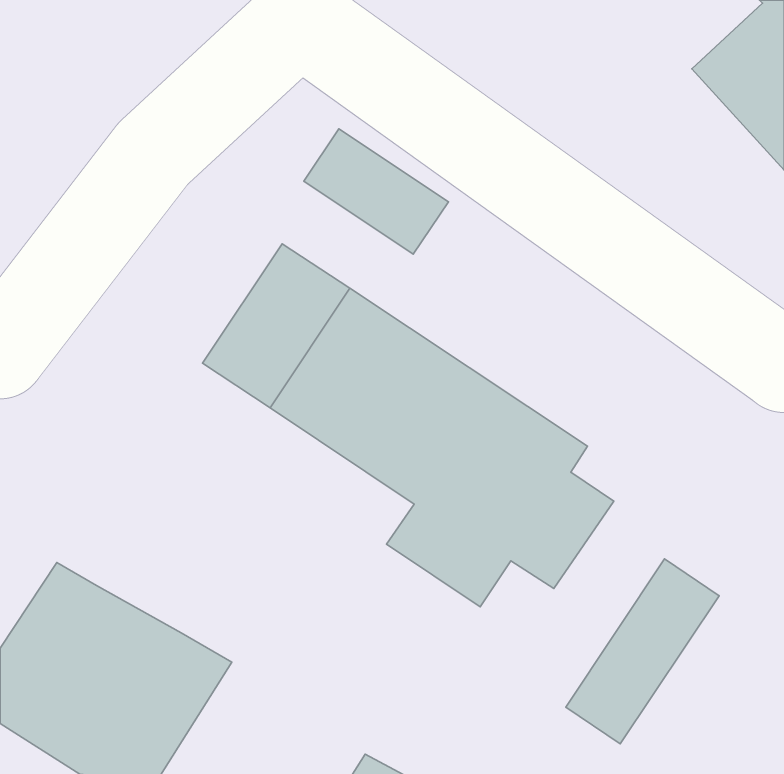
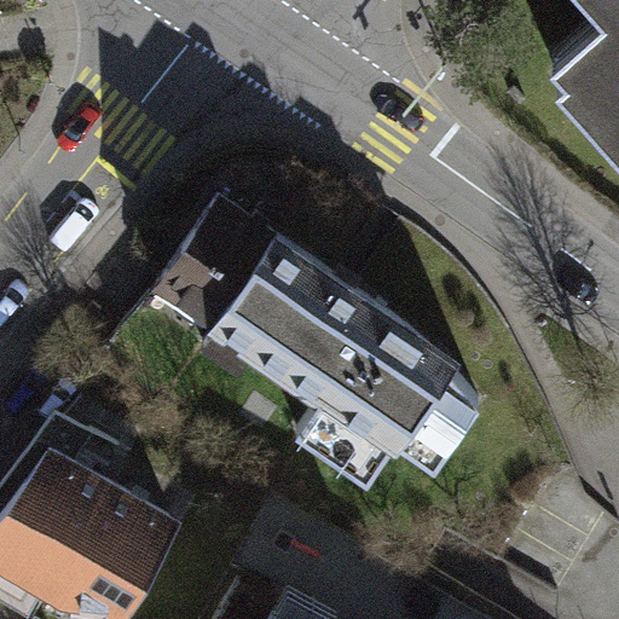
building: [304,129,448,254] -> none
building: [566,559,719,744] -> none

